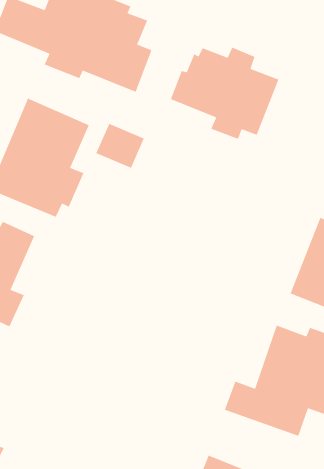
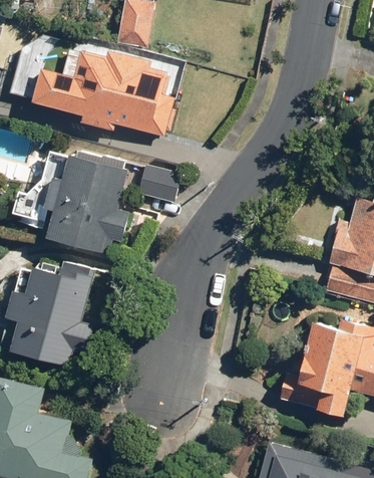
building: [170,46,280,140] -> none

